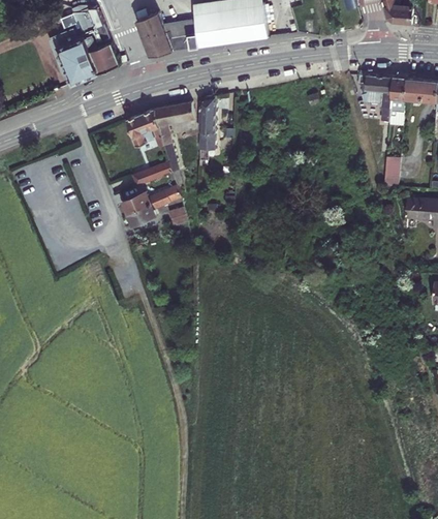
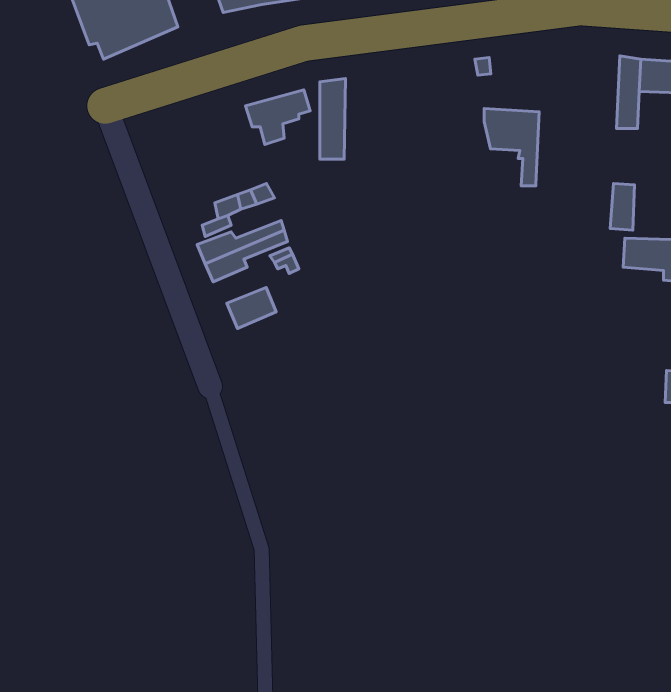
building: [366,79,401,128] -> [484,108,539,186]
building: [131,108,170,147] -> none
building: none -> [227,288,276,328]

